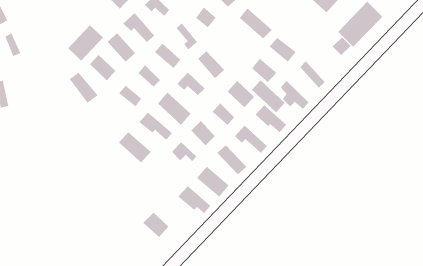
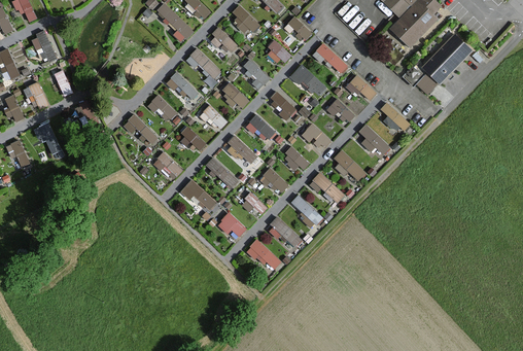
building: [67,24,104,61] -> none
building: [251,80,285,113] -> [290,64,328,101]
building: none -> [153,151,183,180]
building: [142,212,169,238] -> [216,212,246,241]

